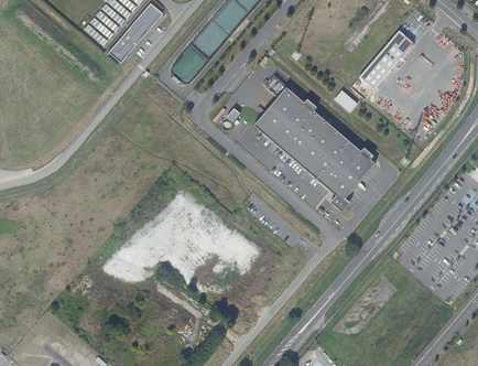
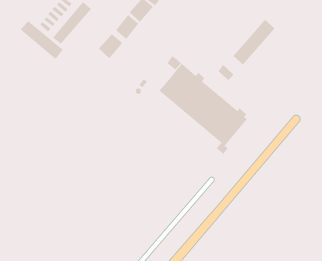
building: none -> [20,20,64,60]

